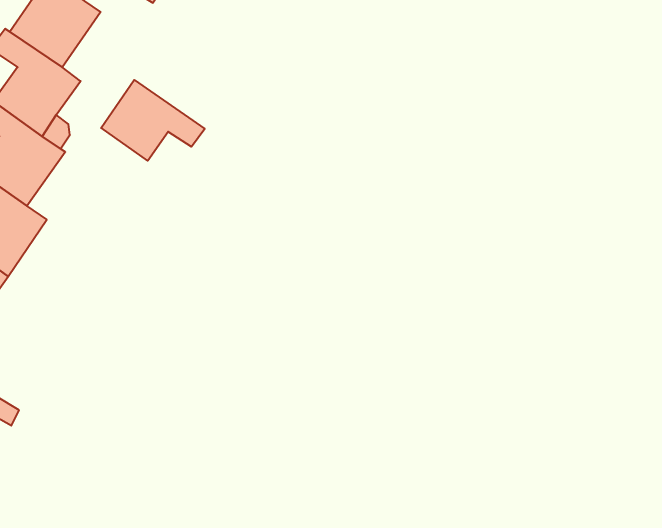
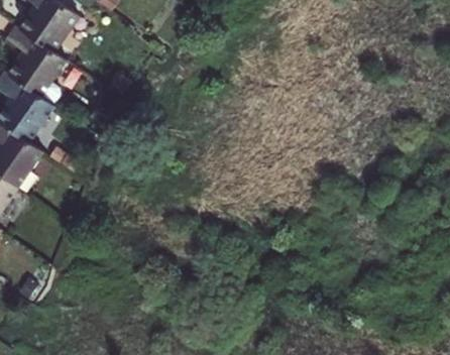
building: [101,80,205,161] -> none

